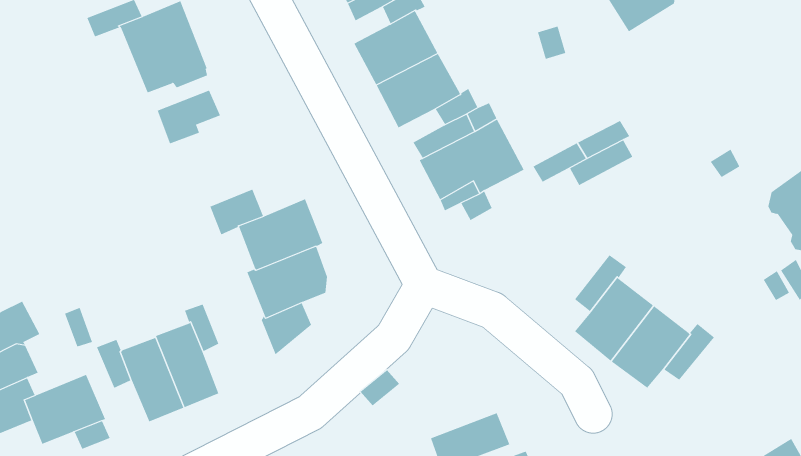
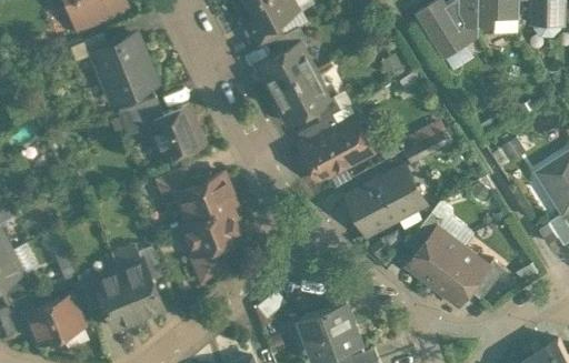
building: none -> [147,104,204,160]
building: none -> [349,168,422,233]
building: none -> [301,299,356,339]

